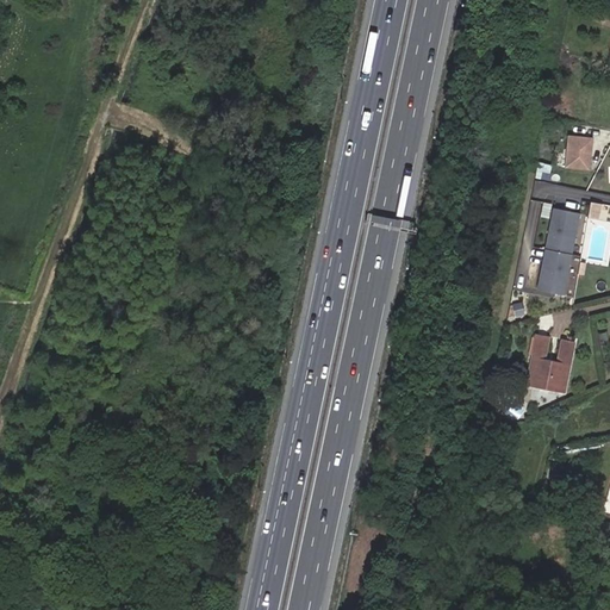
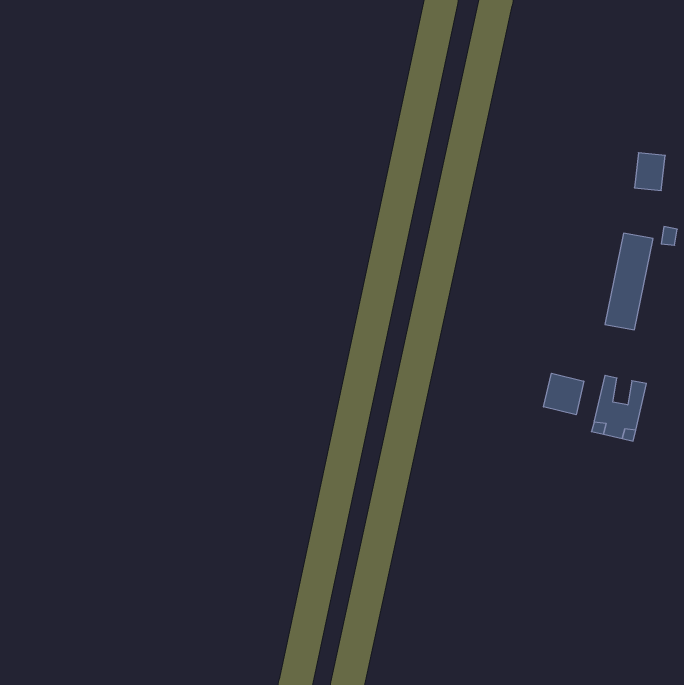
building: none -> [544,373,584,415]

